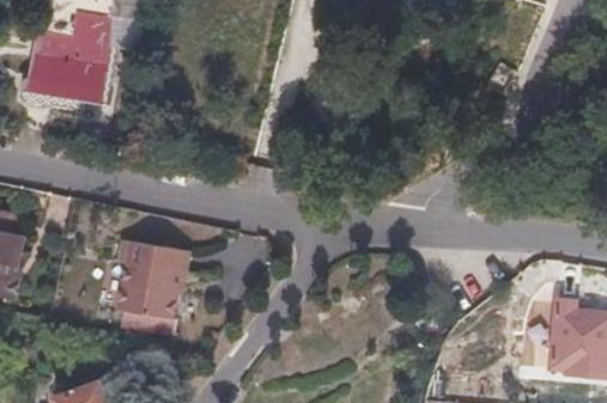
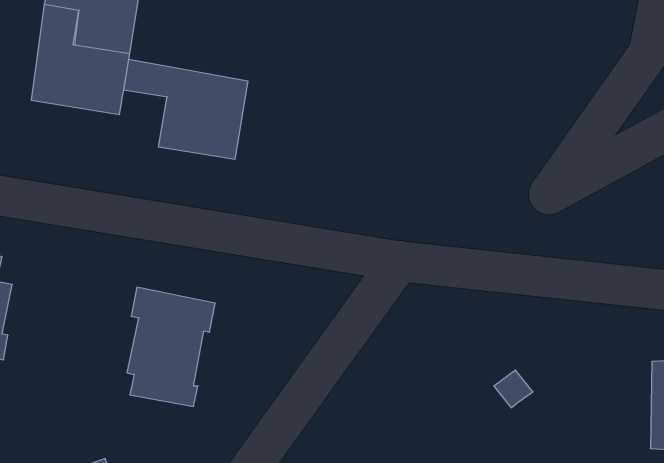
building: none -> [124,59,248,159]

